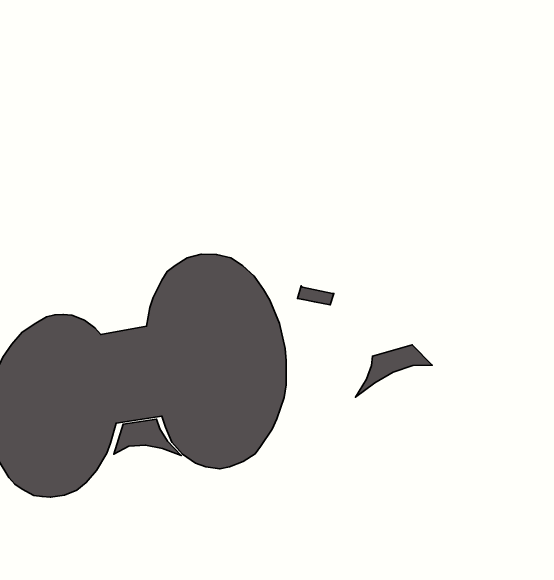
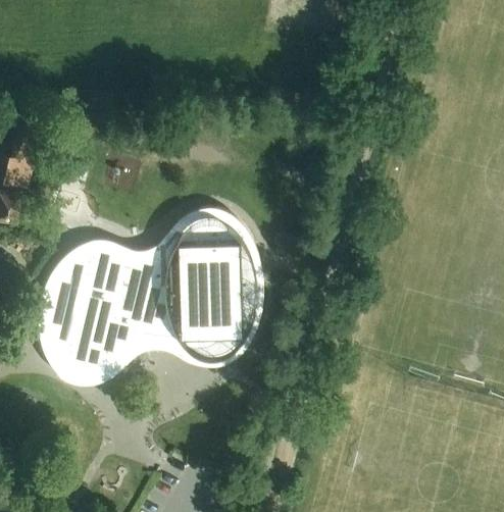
building: [356,345,432,397] -> none

